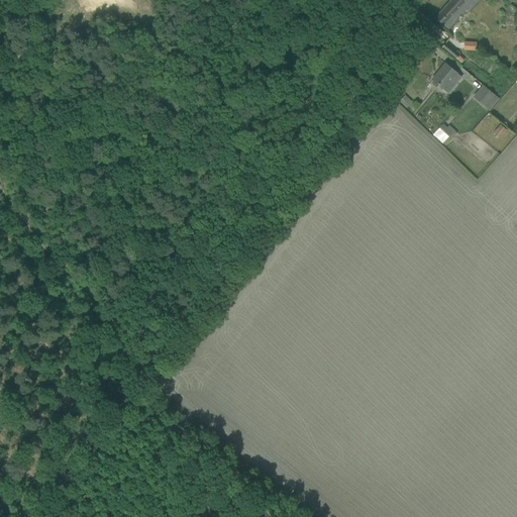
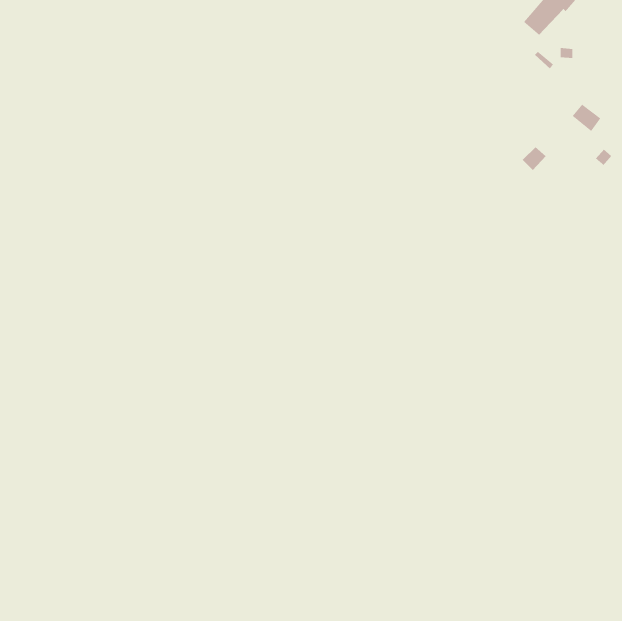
building: [432,63,462,88] -> none

